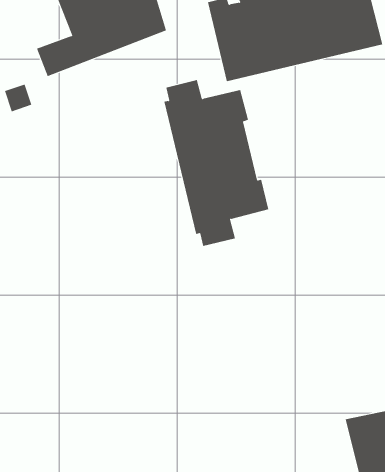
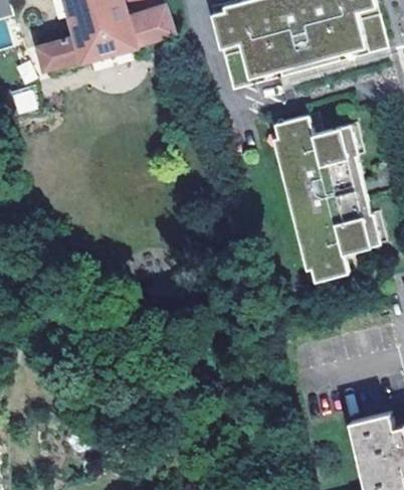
building: [163,79,269,247] -> [270,111,376,278]

